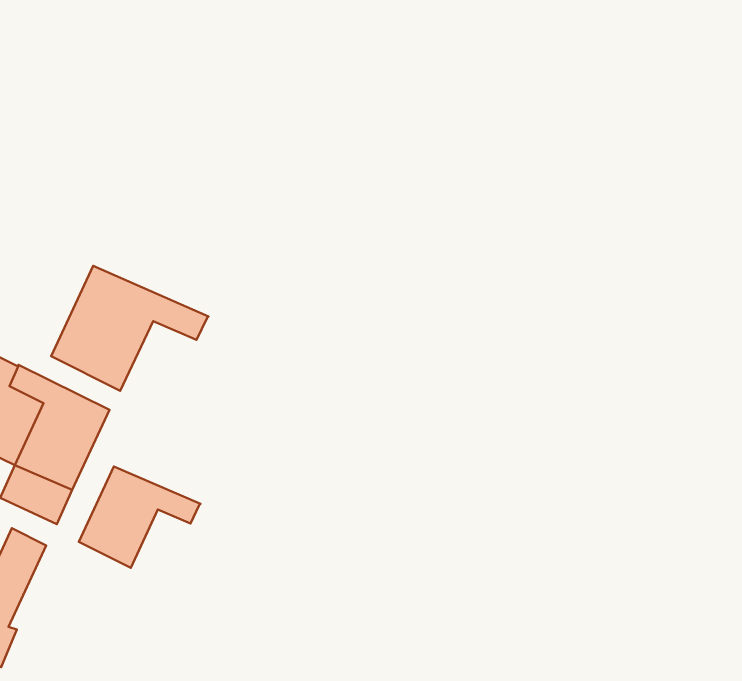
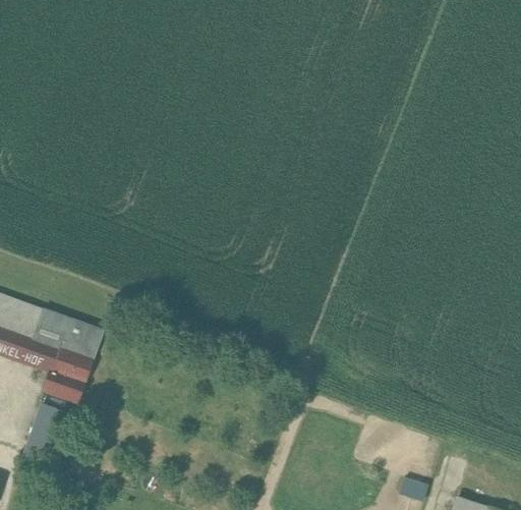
building: [51,266,209,391] -> none
building: [79,466,200,568] -> none

